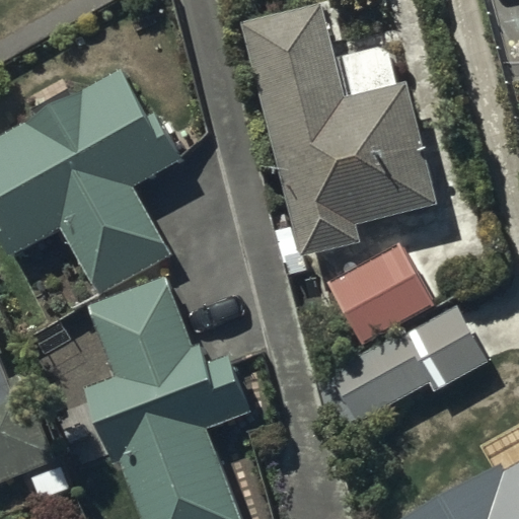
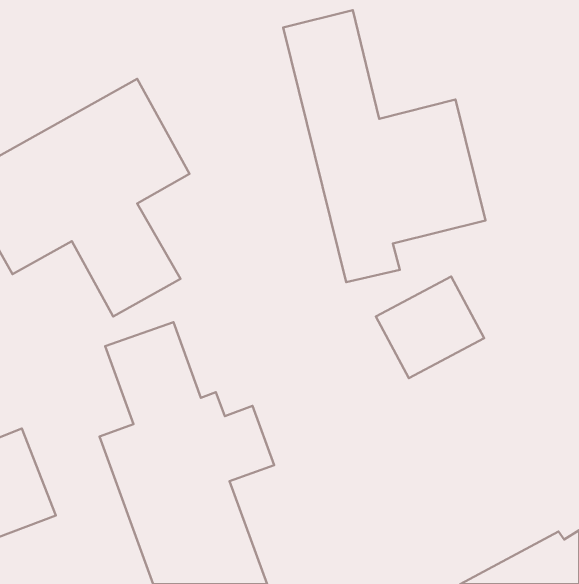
building: [331,305,488,429] -> none

